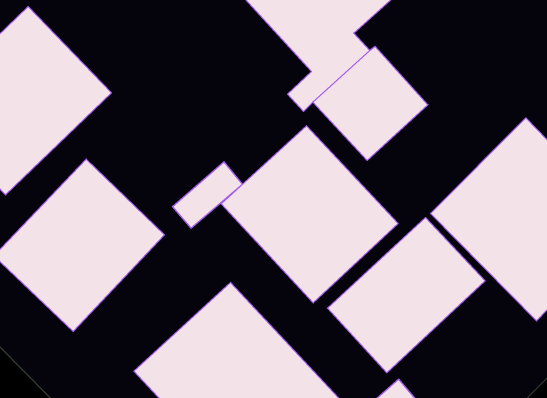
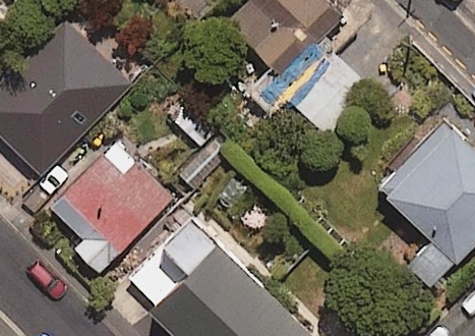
building: [221,126,398,303] -> none
building: [327,218,485,373] -> none

